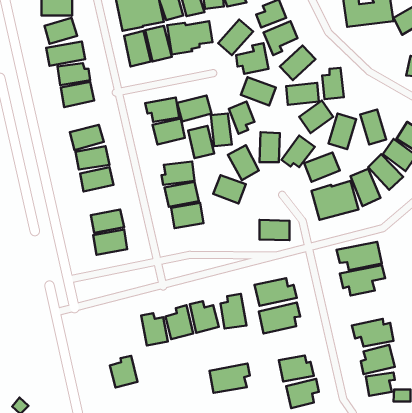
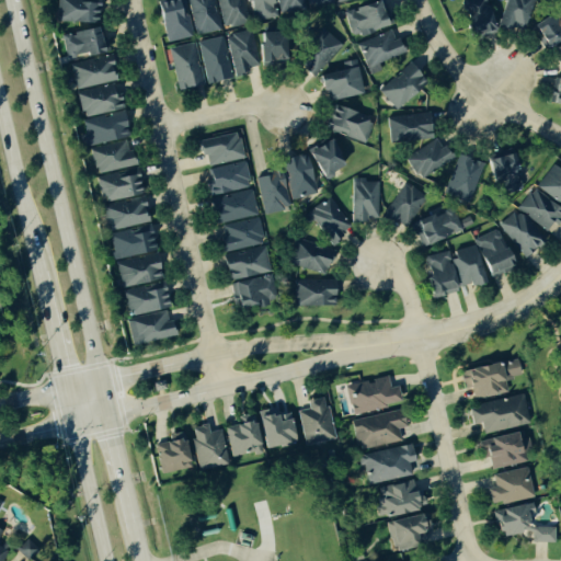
building: [322,68,344,99] -> none
building: [177,96,211,122] -> [214,188,260,224]
building: none -> [92,140,139,173]
building: none -> [118,253,163,287]
building: [260,220,290,240] -> [296,278,336,306]
building: [337,242,382,270] -> [470,394,531,433]
building: [110,356,138,387] -> [157,431,194,473]
building: [209,363,250,393] -> [363,444,417,483]

